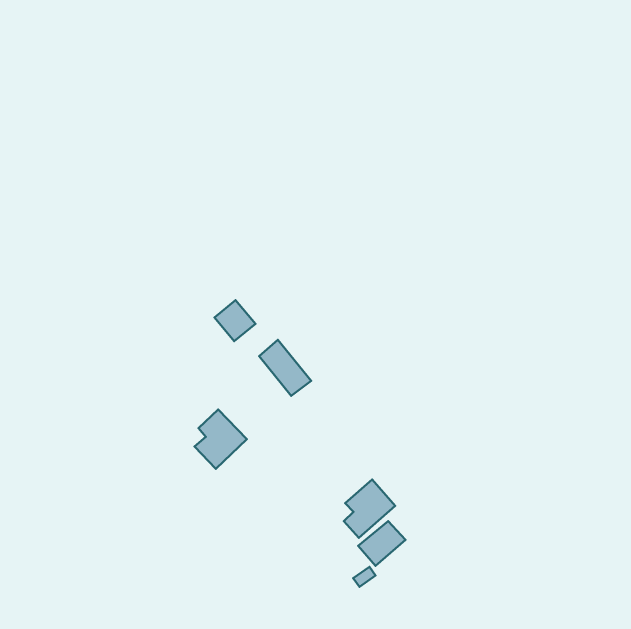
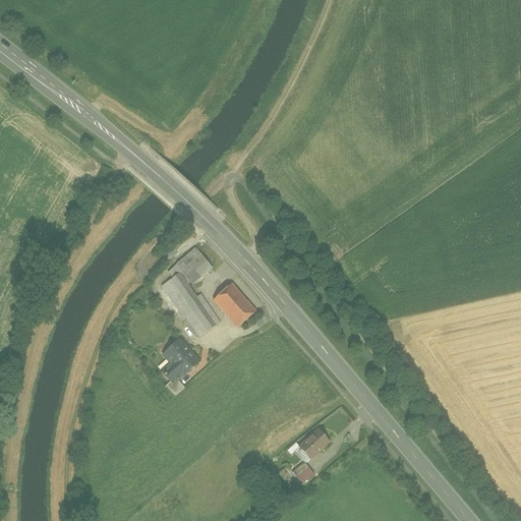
building: none -> [159,271,215,334]
building: [344,479,395,538] -> none

